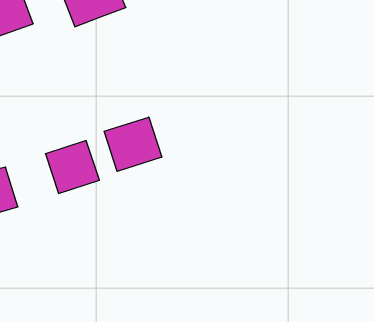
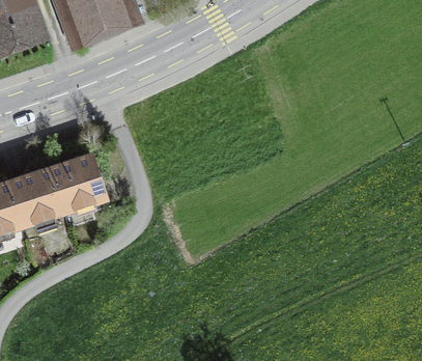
building: [104,117,162,171] -> none
building: none -> [10,168,64,222]

